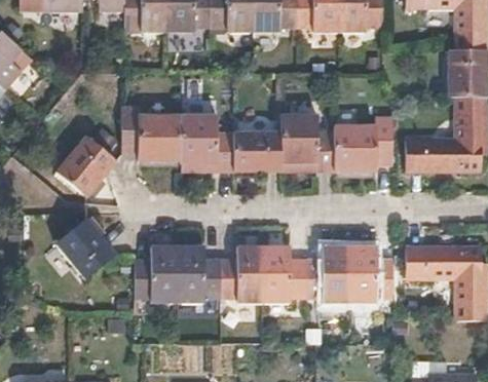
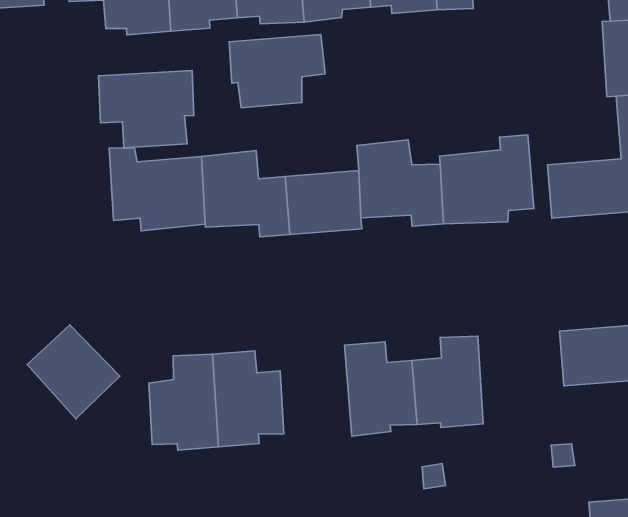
building: none -> [229,34,325,108]
building: none -> [98,71,194,148]
building: [54,135,114,195] -> none
building: [219,244,263,305] -> none
building: [349,246,392,304] -> none

